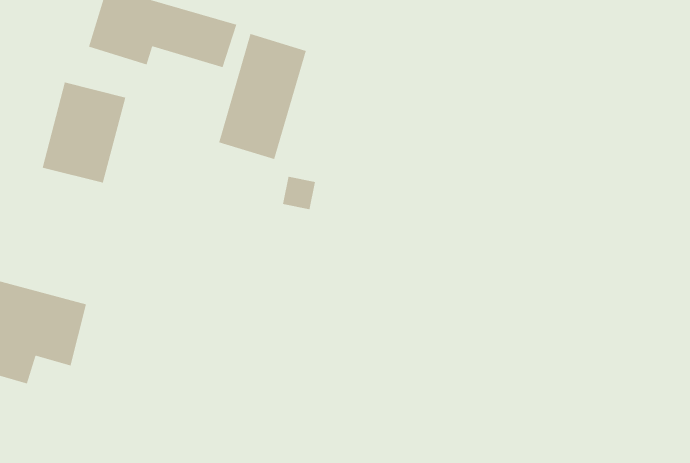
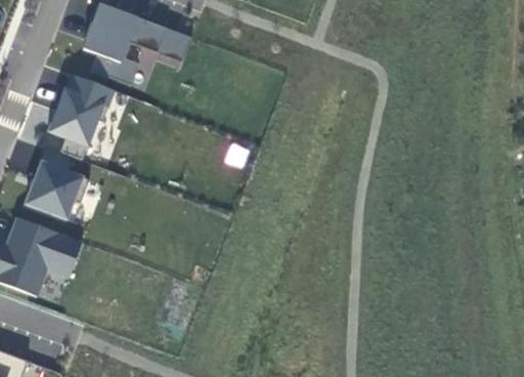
building: [218,33,306,160] -> none
building: none -> [26,160,85,219]

